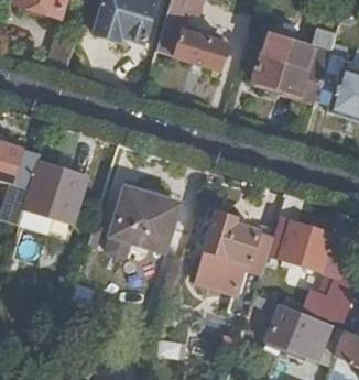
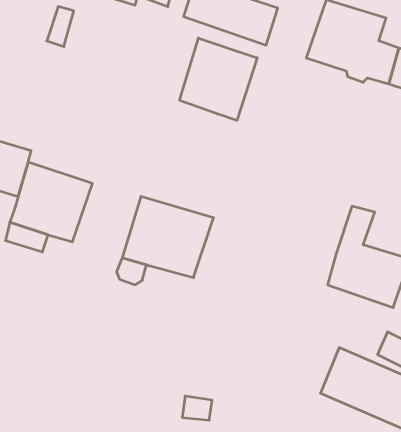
building: none -> [180,38,257,120]
building: [196,215,276,300] -> none

